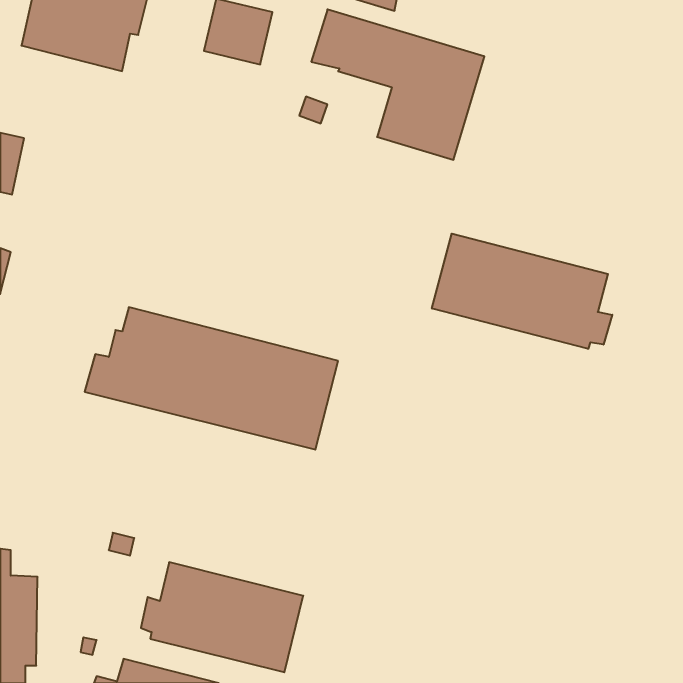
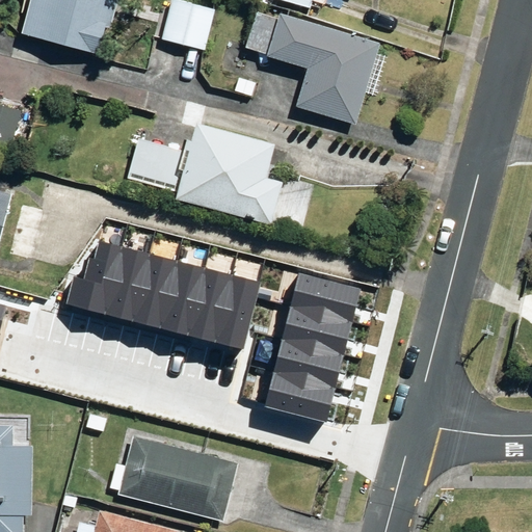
building: none -> [126,124,281,224]
building: [432,234,612,349] -> none
building: none -> [267,271,364,420]

